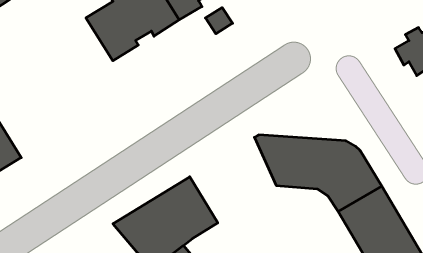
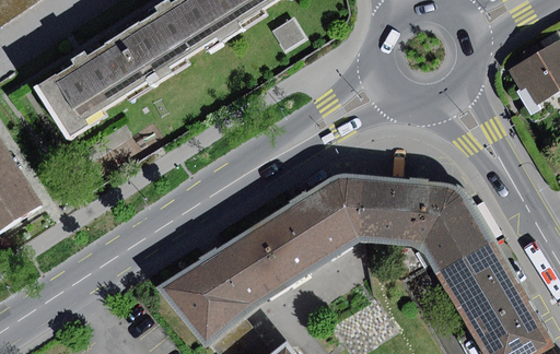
building: none -> [36,31,154,137]
building: none -> [250,180,359,287]

